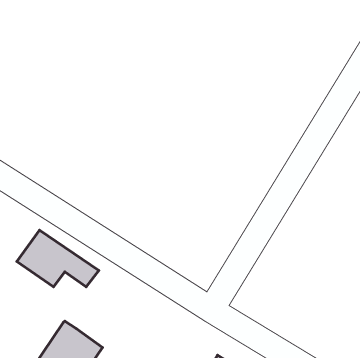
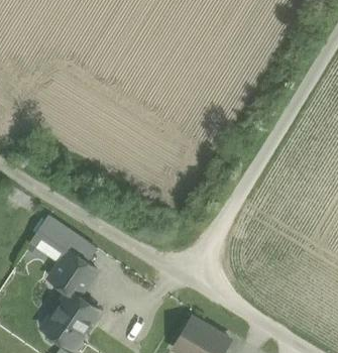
building: none -> [50,251,97,297]

